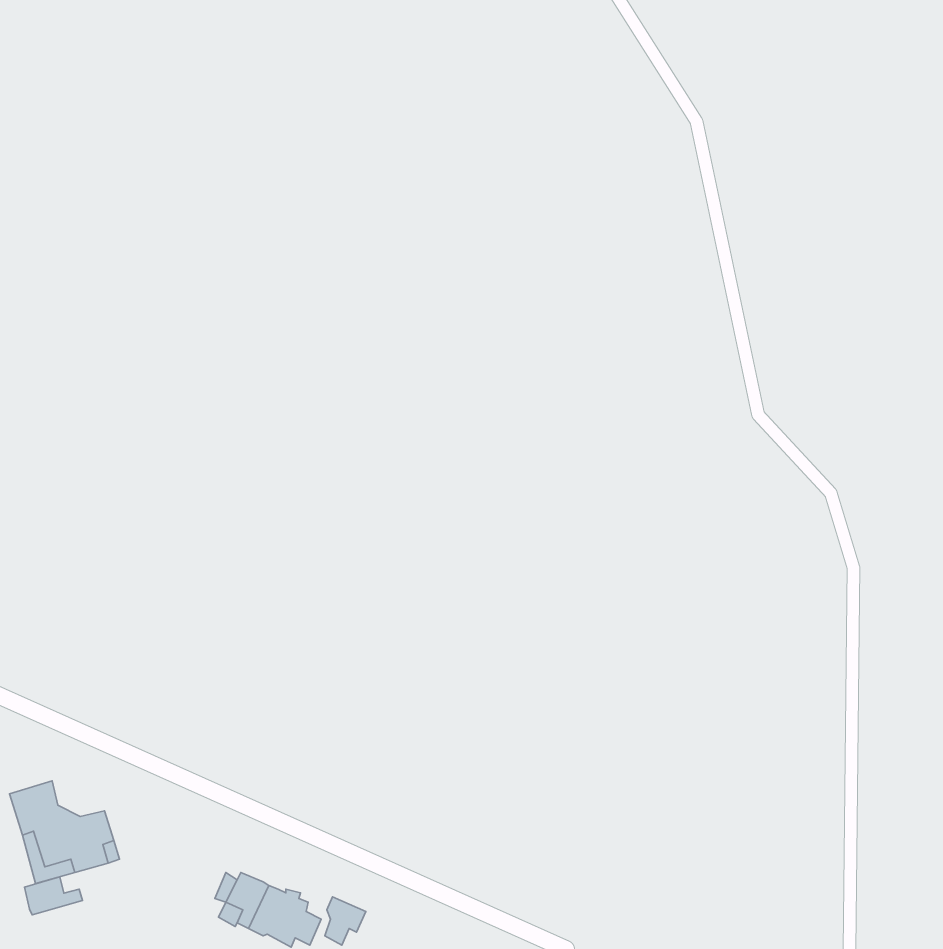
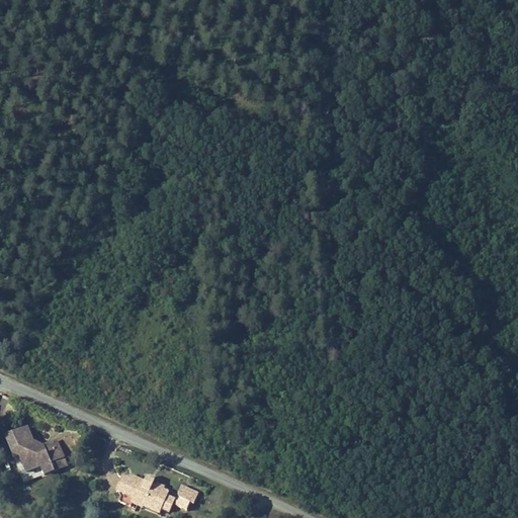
building: [25,877,82,915] -> none

